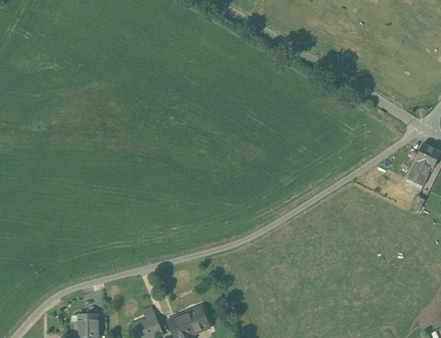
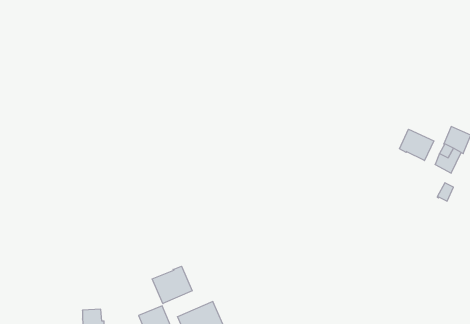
building: none -> [399,129,434,161]
building: none -> [152,266,192,304]

